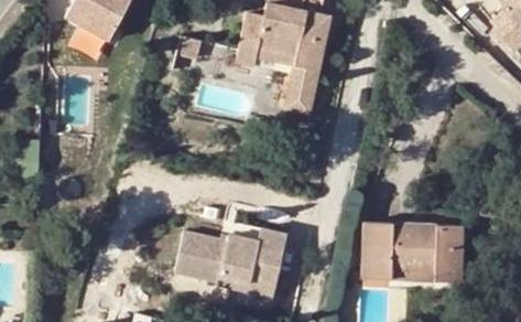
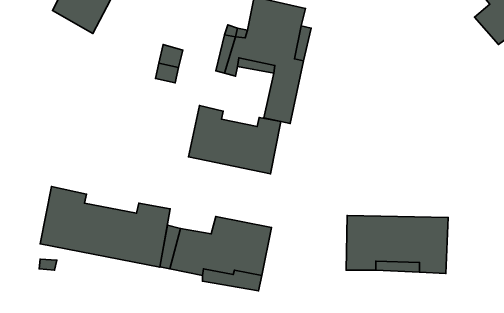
building: none -> [188,105,281,174]
building: none -> [40,187,170,267]

